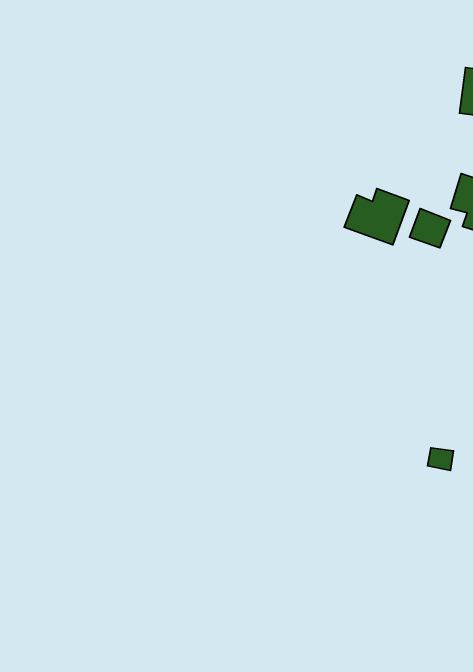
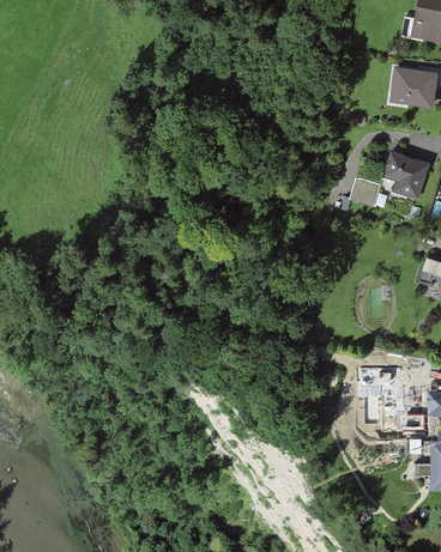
building: [344,188,409,245] -> none

